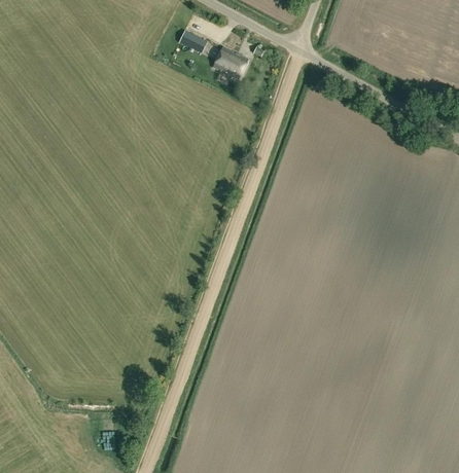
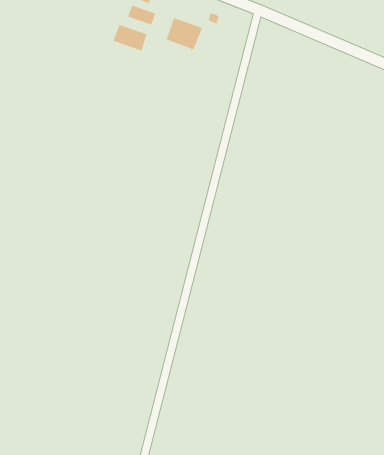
building: none -> [113,24,147,51]

